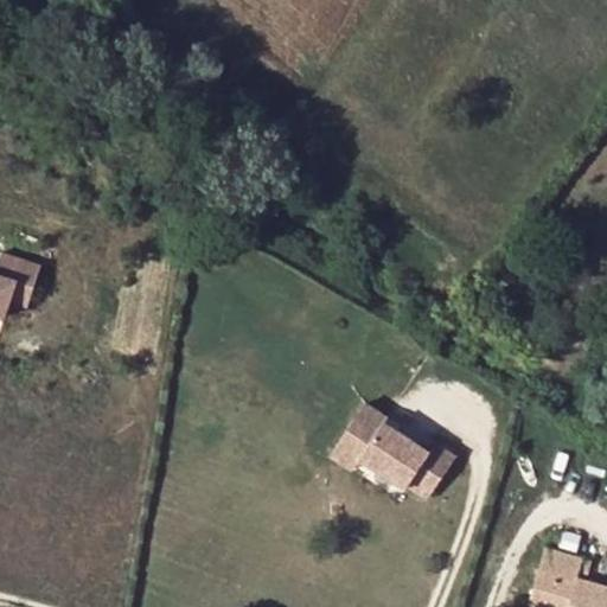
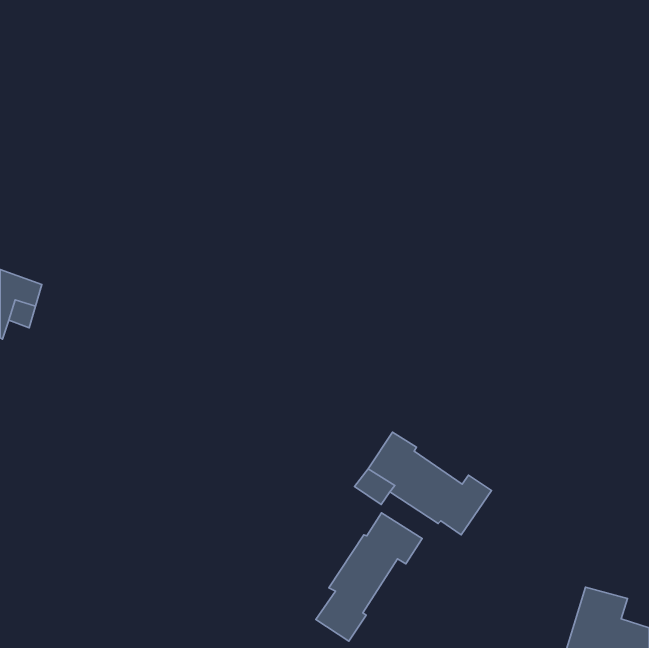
building: none -> [316,513,422,641]

